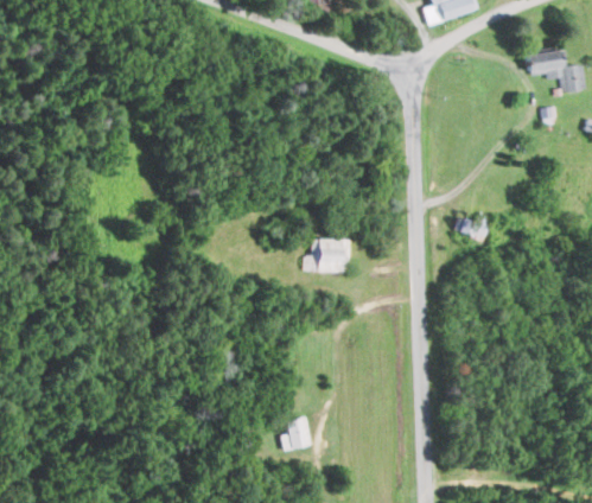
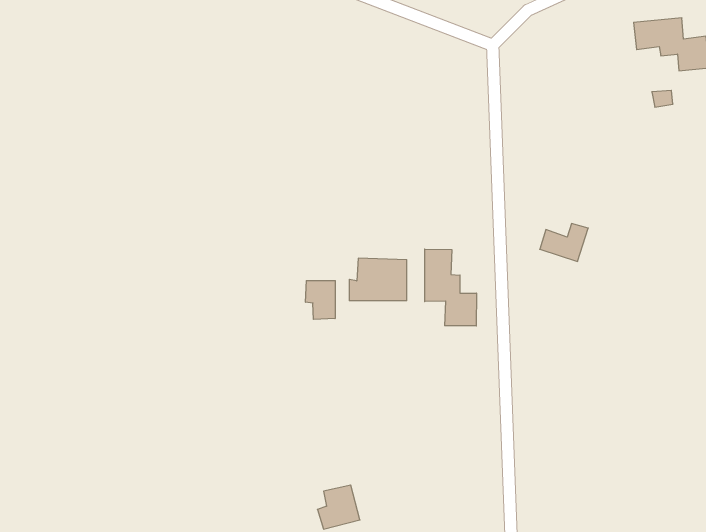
building: none -> [425,249,476,326]
building: none -> [306,281,335,319]

